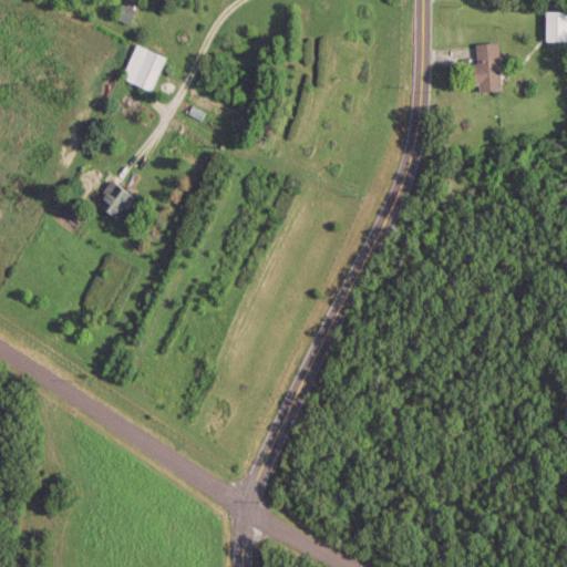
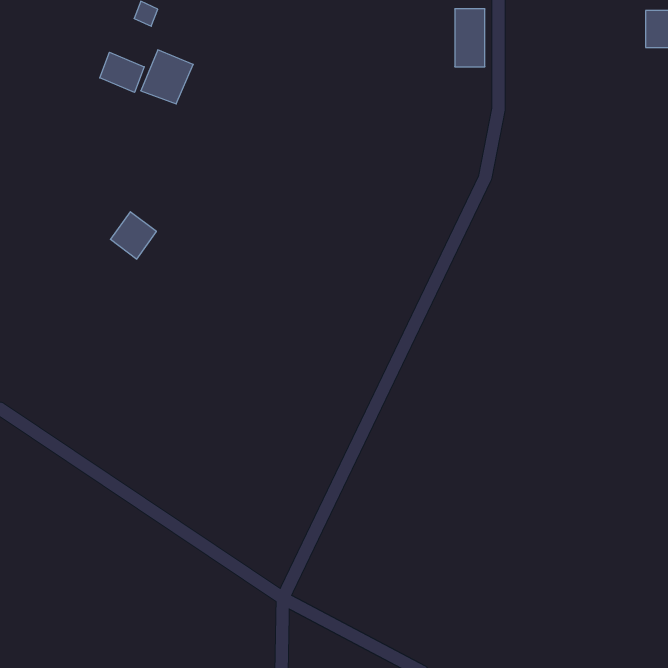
building: [475,44,501,93] -> [455,9,485,67]
building: none -> [100,52,144,92]

